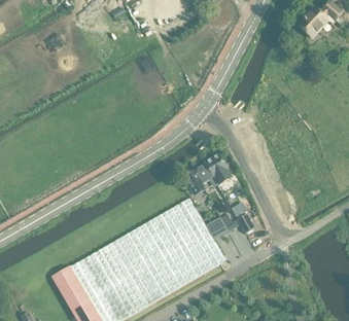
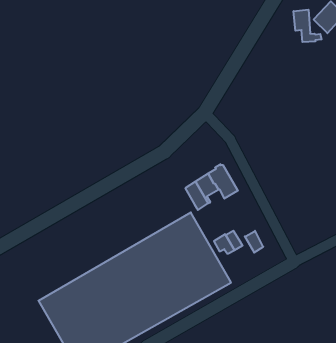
building: none -> [294,10,322,42]

